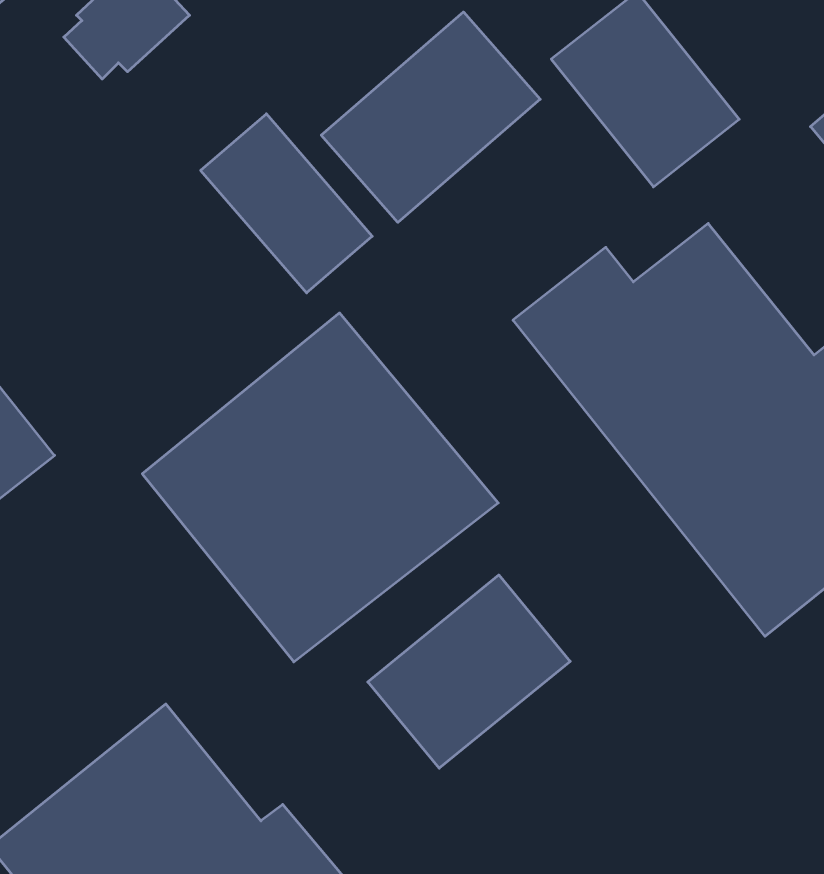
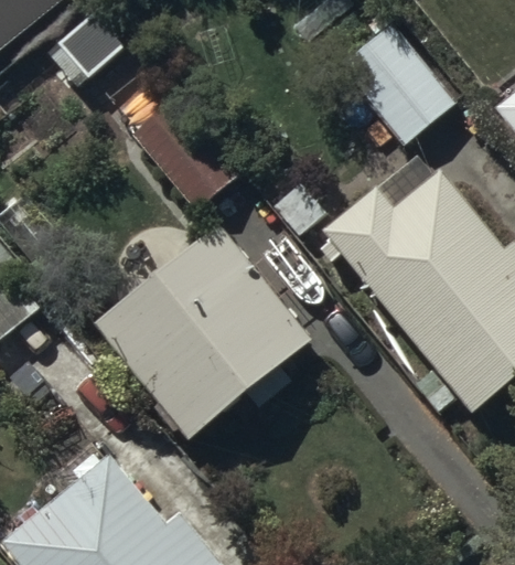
building: [321,12,540,222] -> none
building: [368,575,570,768] -> none

